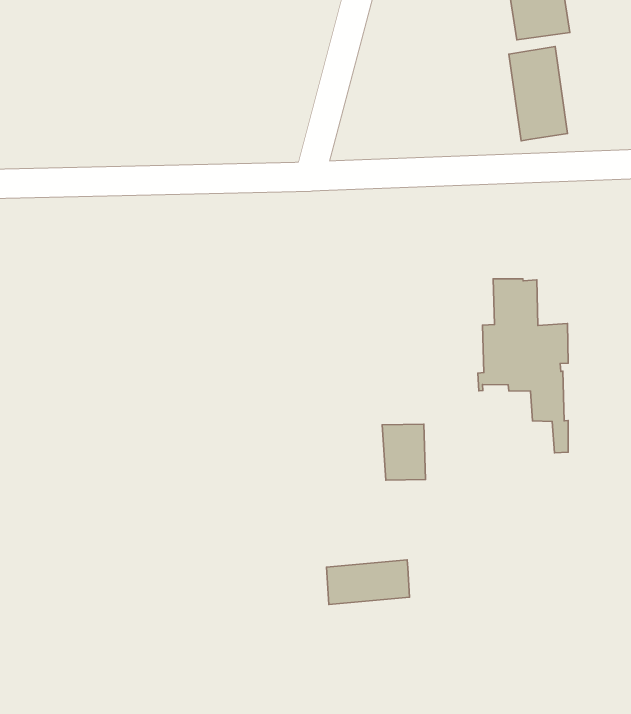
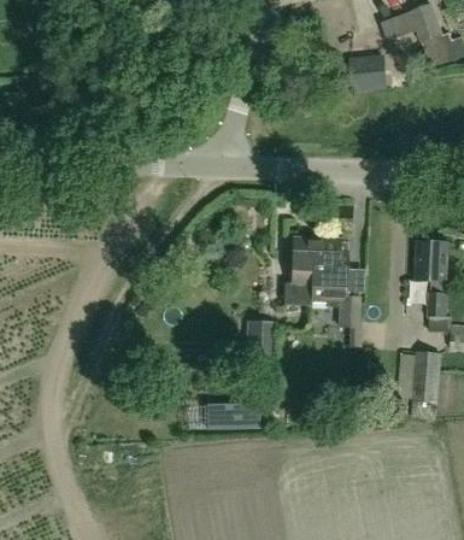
building: [509,46,567,141] -> none
building: none -> [282,237,319,305]

